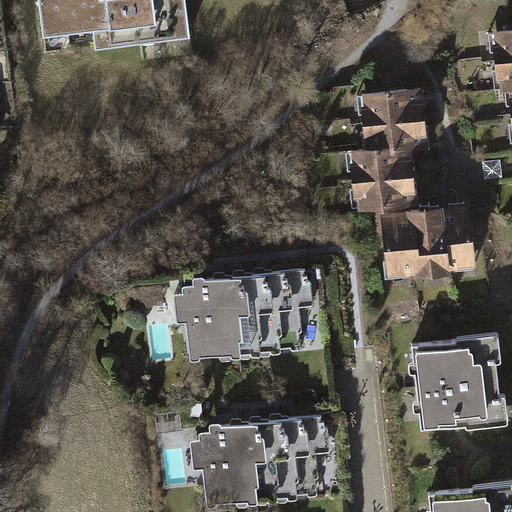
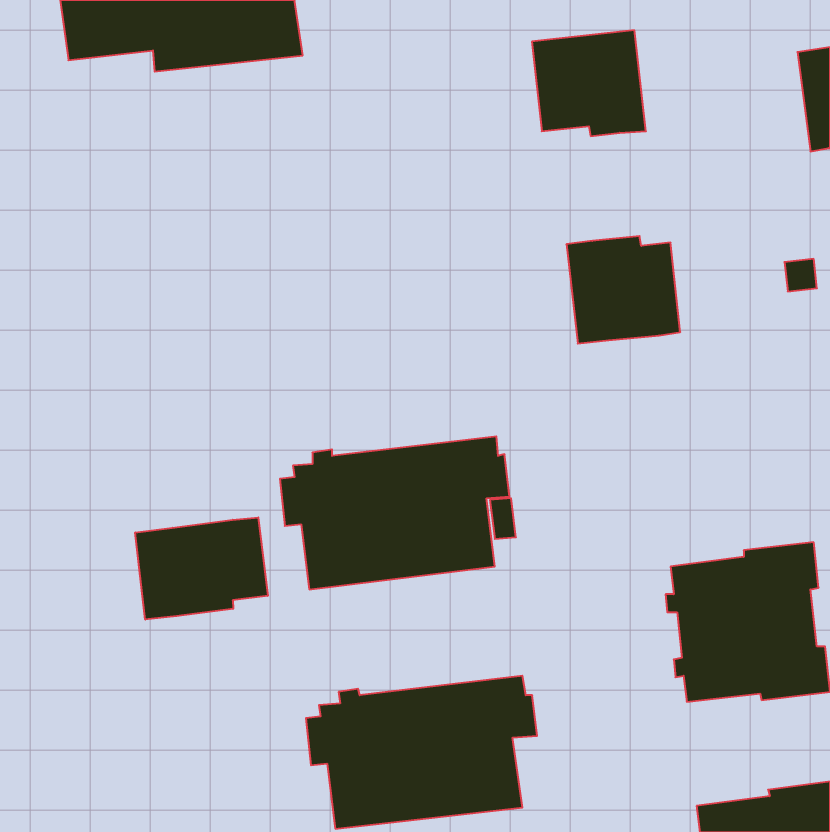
building: [358,86,428,151] -> [532,30,646,136]
building: [374,202,477,282] -> none
building: none -> [135,517,268,620]

